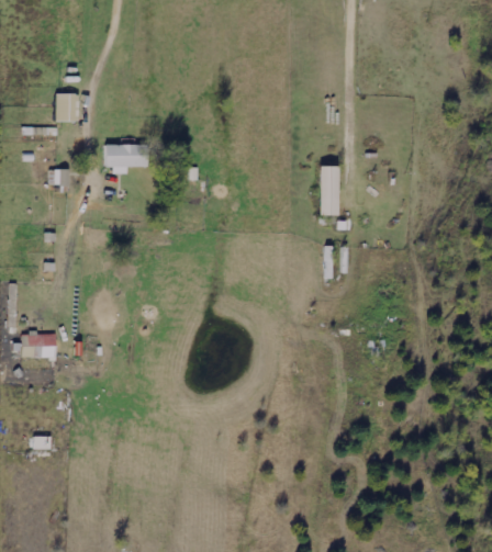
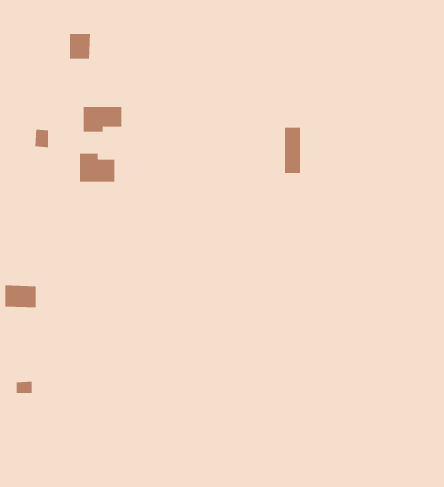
building: [56,93,79,121] -> [69,34,91,59]
building: none -> [80,153,115,183]

